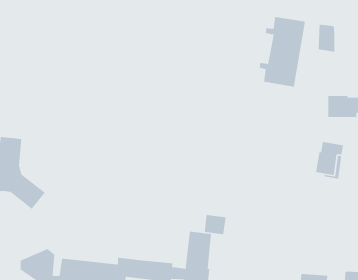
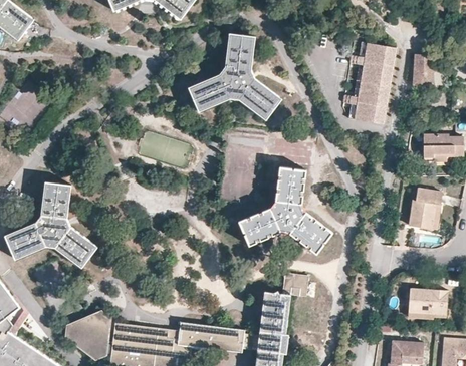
building: none -> [187,31,281,117]
building: none -> [240,166,331,253]
building: none -> [409,289,448,314]

